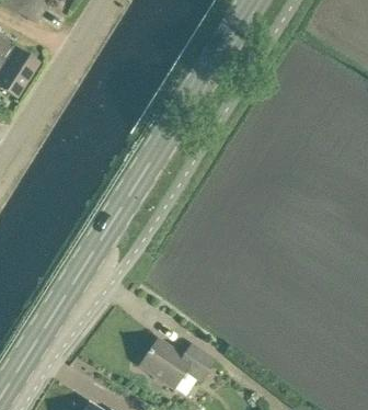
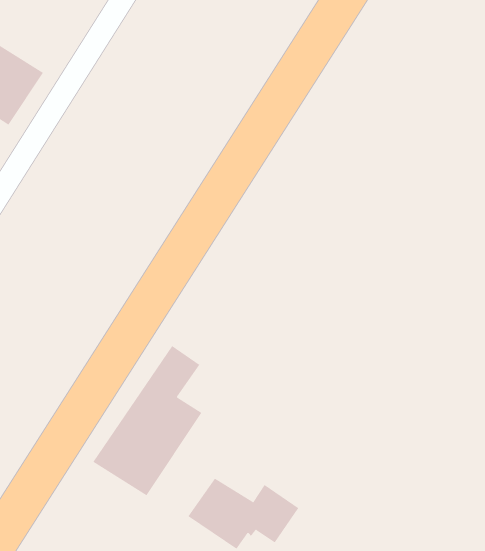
building: none -> [93,345,202,496]

